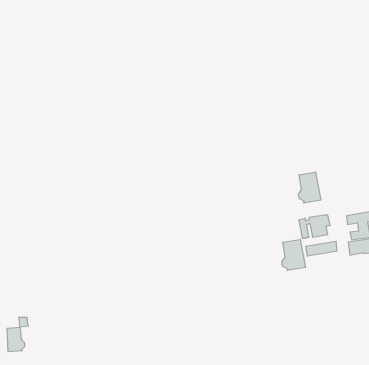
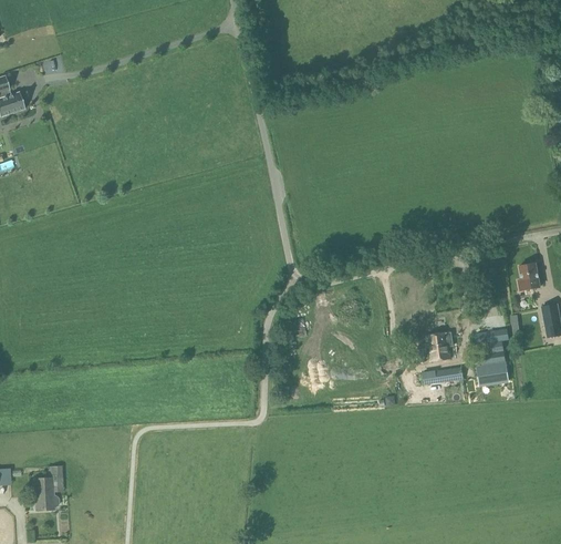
building: [298,172,321,203] -> none
building: [282,239,306,271] -> none

